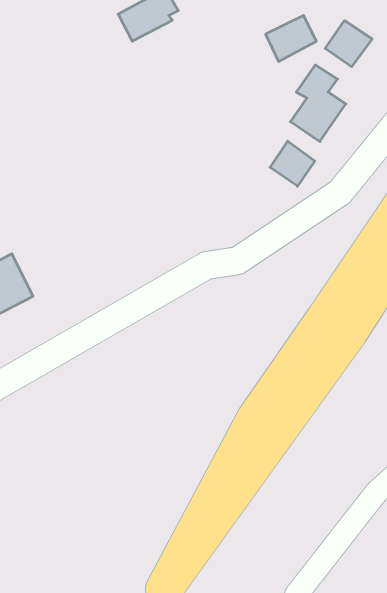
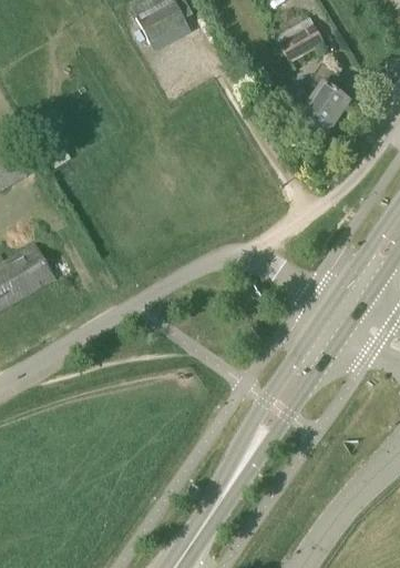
building: [325,21,372,67] -> none
building: [270,141,315,186] -> none

